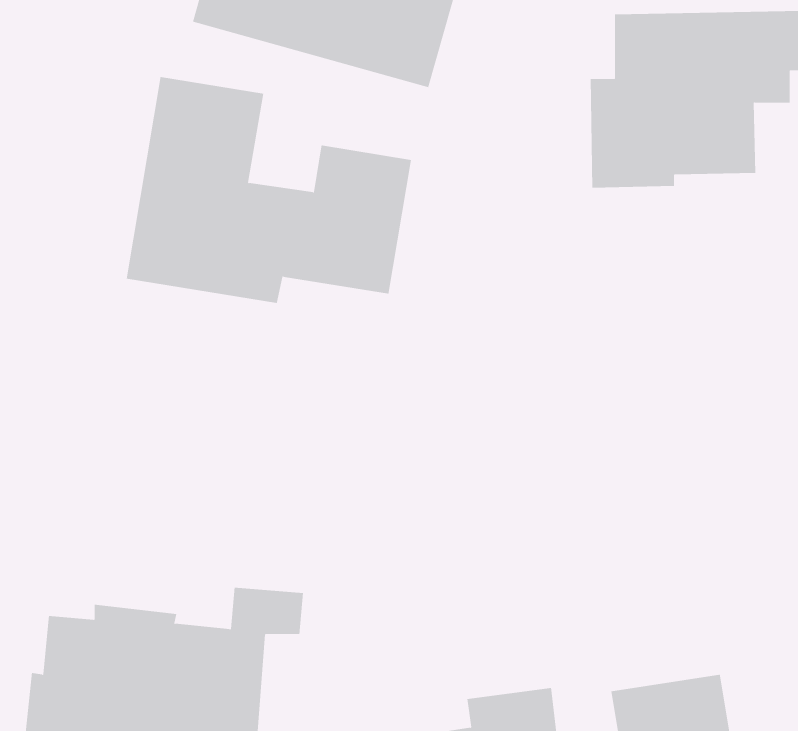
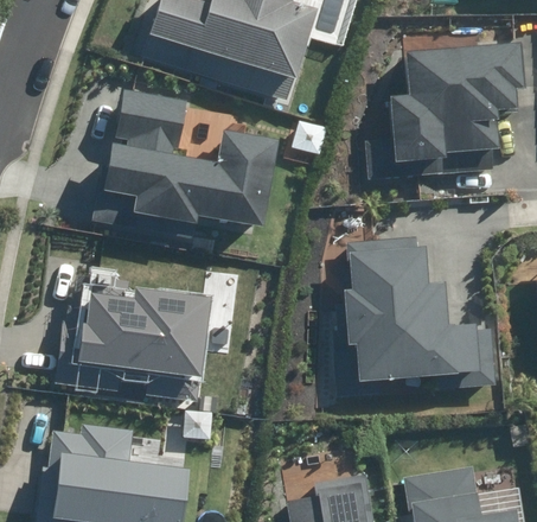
building: none -> [343,236,494,388]
building: none -> [73,268,239,401]

